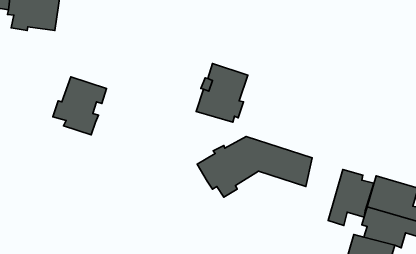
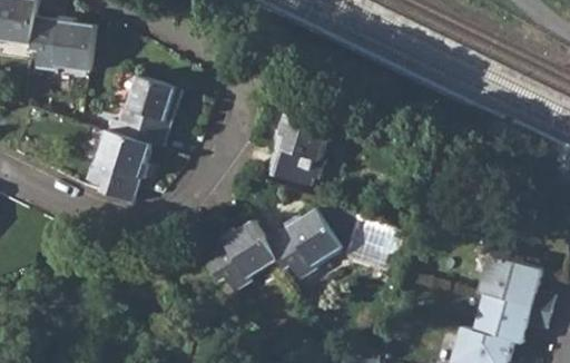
building: none -> [107,76,181,149]
building: none -> [200,219,277,293]
building: [328,170,374,225] -> none

